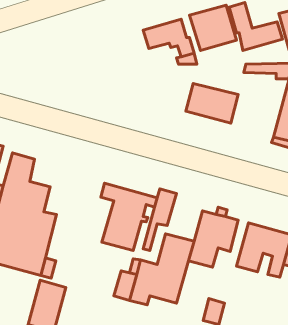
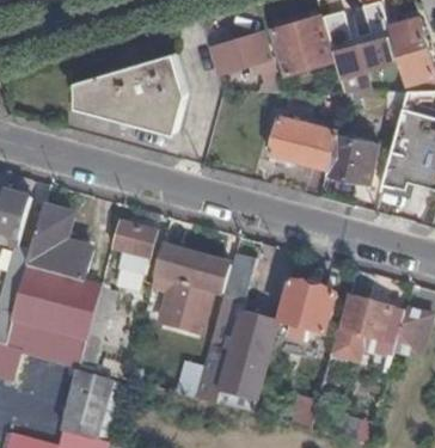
building: none -> [78,51,186,133]
building: none -> [331,136,376,183]
building: none -> [112,221,155,268]

